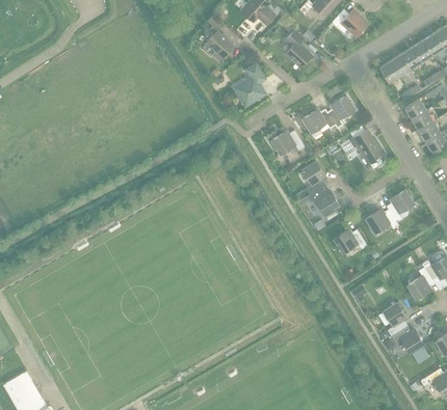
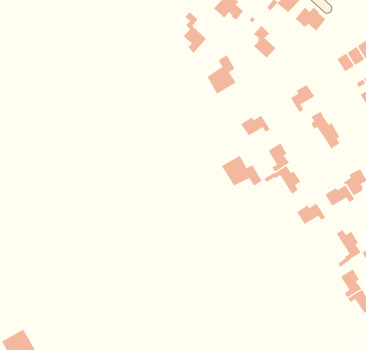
building: [301,108,335,137] -> none
building: none -> [221,155,262,186]
building: none -> [336,229,361,268]

